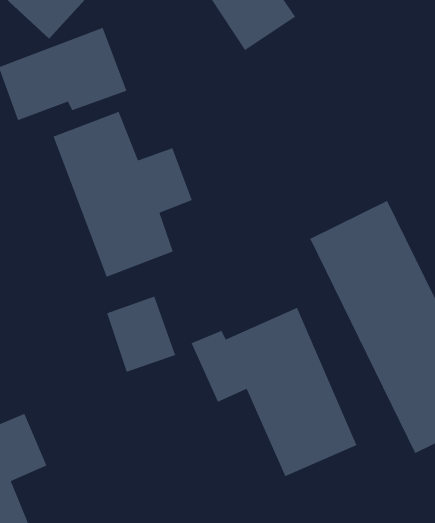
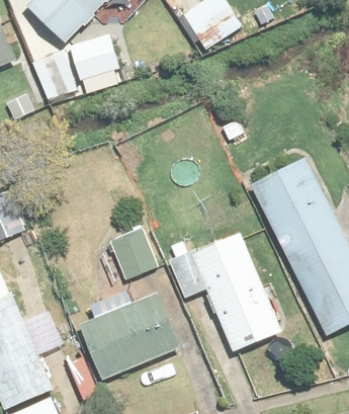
building: [53,111,193,278] -> none
building: none -> [77,291,183,380]

